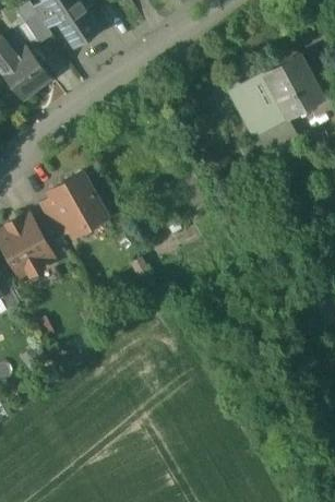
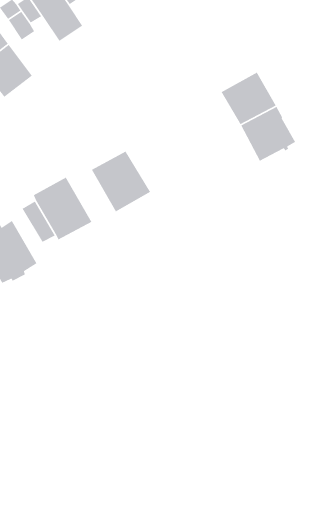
building: [263,58,323,119] -> none
building: none -> [91,150,151,212]

